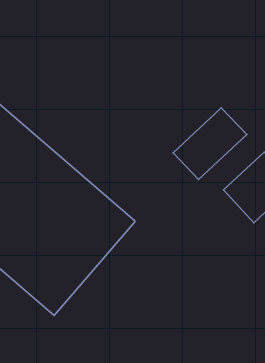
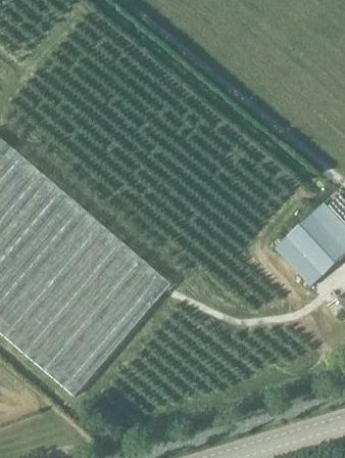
building: [173,108,247,179] -> none

